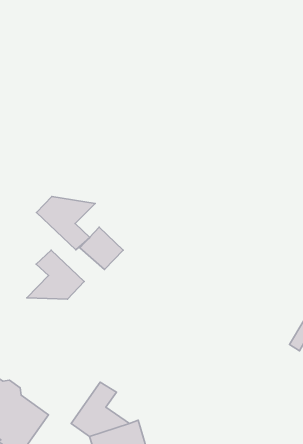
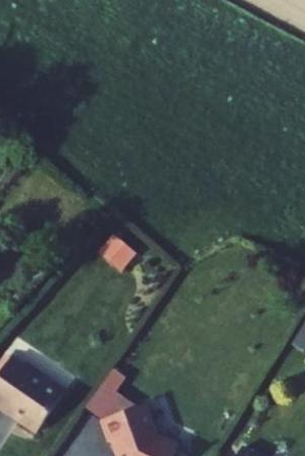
building: [36,196,95,250] -> none
building: [27,250,84,299] -> none

